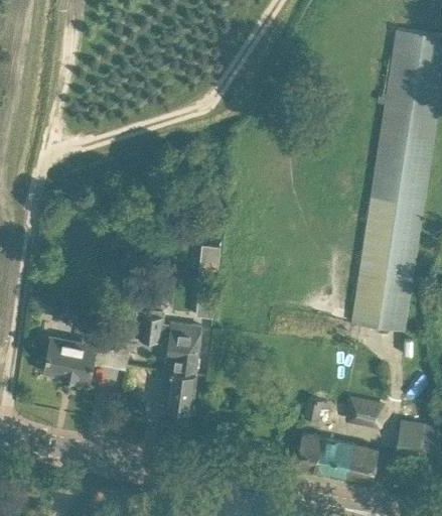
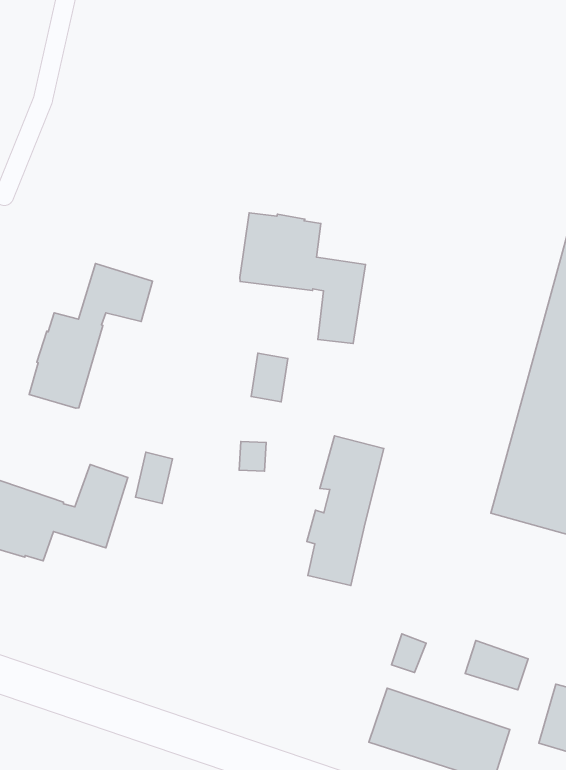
building: none -> [240,213,366,344]
building: none -> [29,264,153,408]
building: [163,325,202,412] -> [307,436,384,586]

